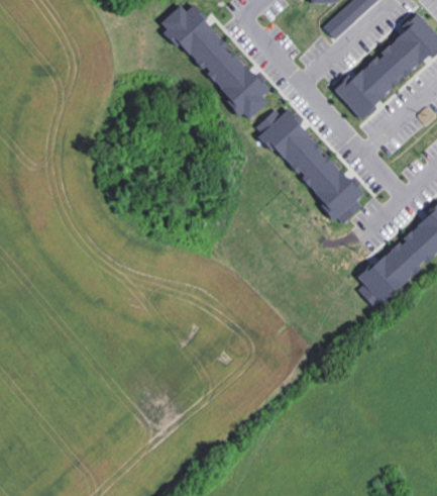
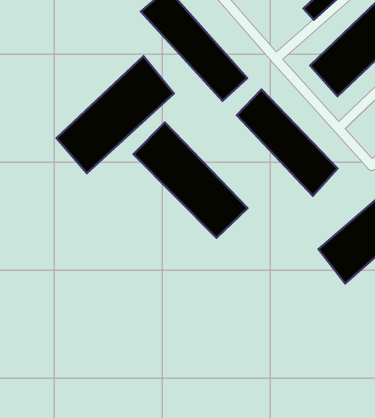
building: none -> [57,56,174,173]
building: none -> [134,122,247,238]

